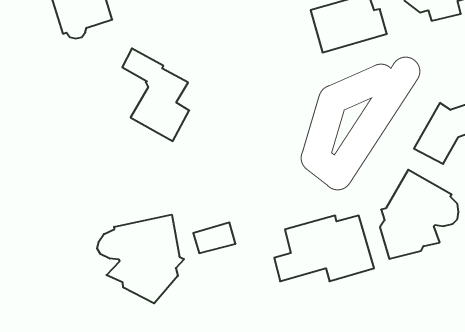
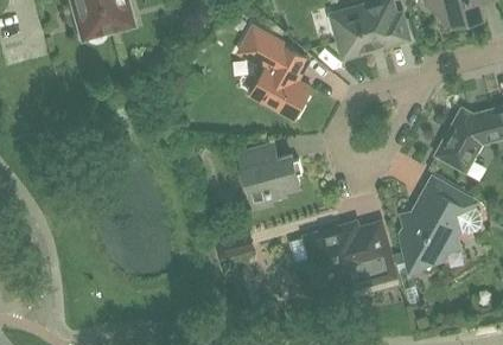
building: [122,48,189,141] -> [242,25,310,119]
building: none -> [237,148,300,209]
building: [97,215,184,303] -> none

